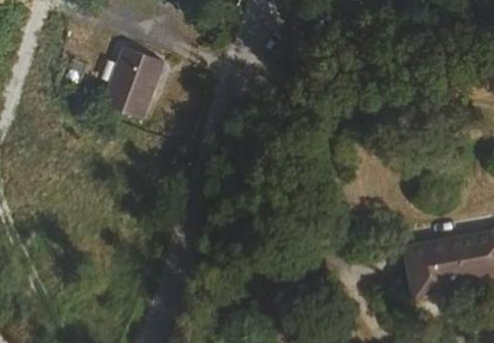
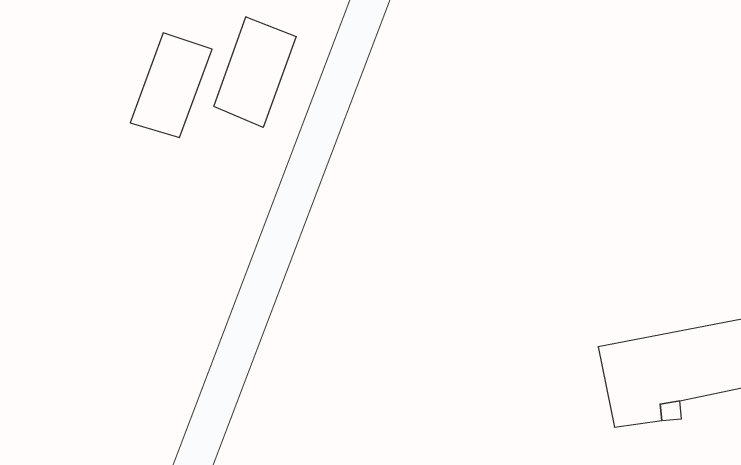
building: none -> [214,17,296,127]

